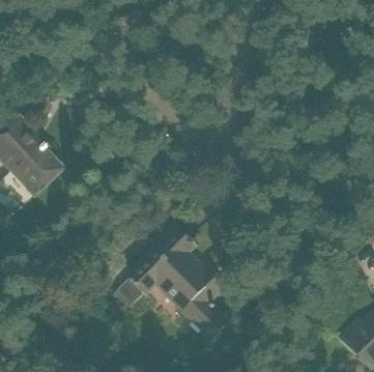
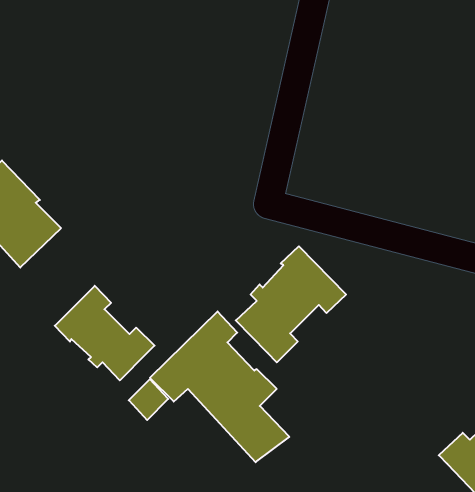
building: none -> [236,246,346,362]
building: none -> [55,286,155,380]

